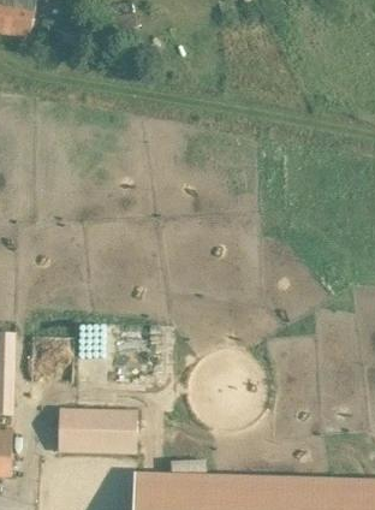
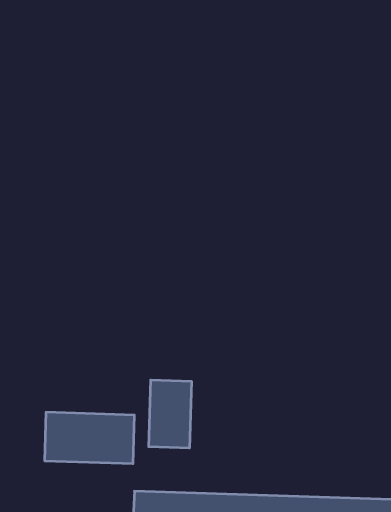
building: none -> [149,380,191,448]

